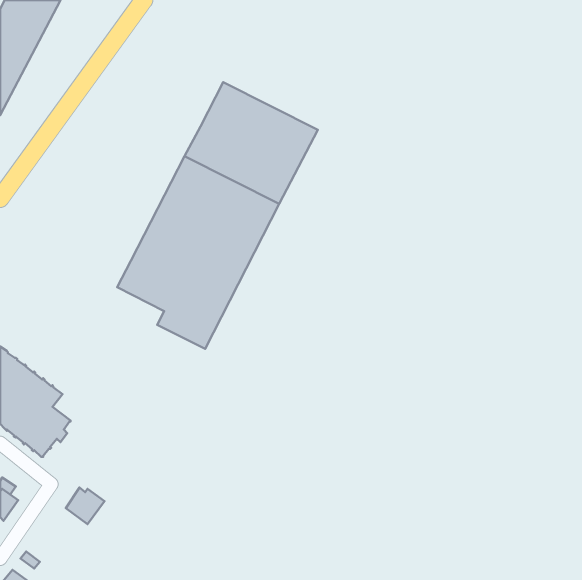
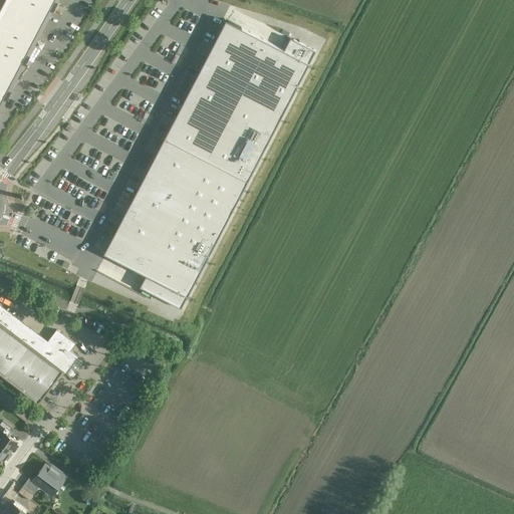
building: none -> [197,20,313,116]
building: none -> [46,331,77,374]
building: [66,488,105,524] -> [32,464,66,496]

